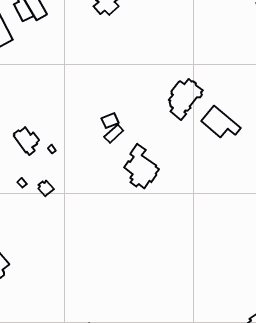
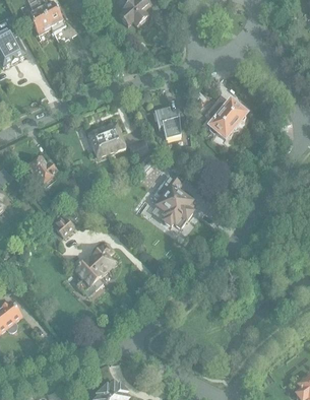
building: none -> [153,107,180,137]
building: none -> [86,122,125,153]
building: [201,106,241,137] -> none
building: none -> [75,242,114,294]

